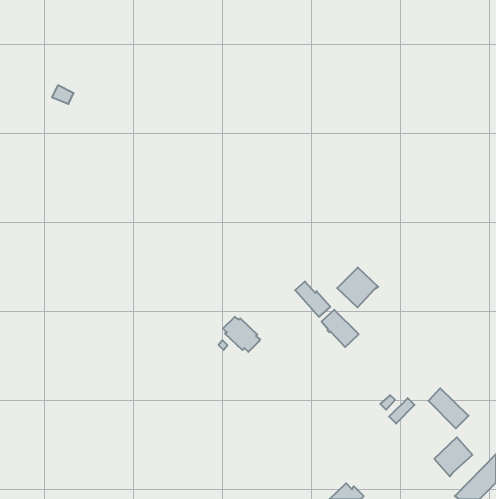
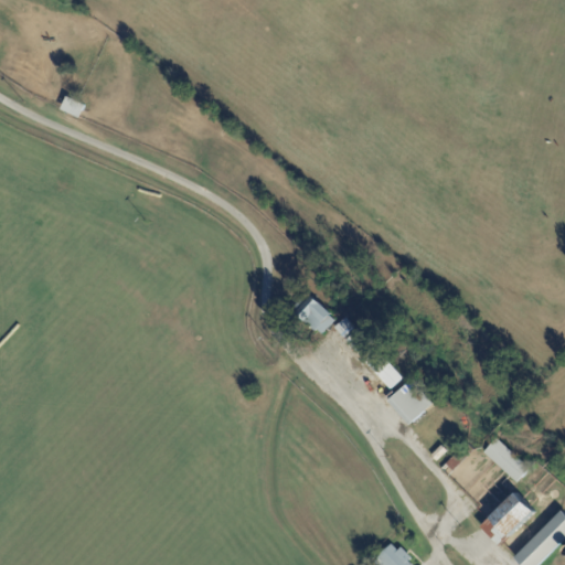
building: [337,267,378,307] -> none
building: [223,317,260,352] -> [291,294,333,333]
building: none -> [387,380,433,426]

